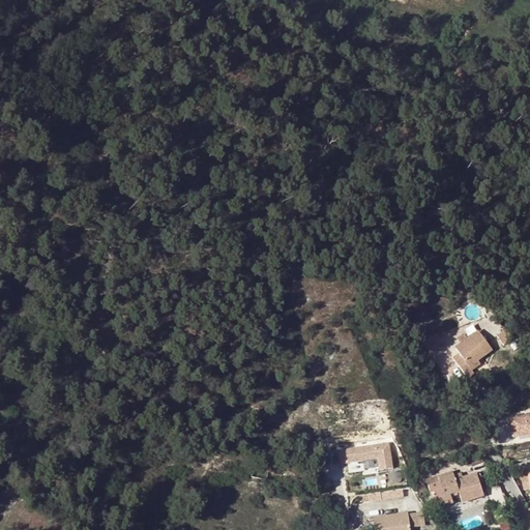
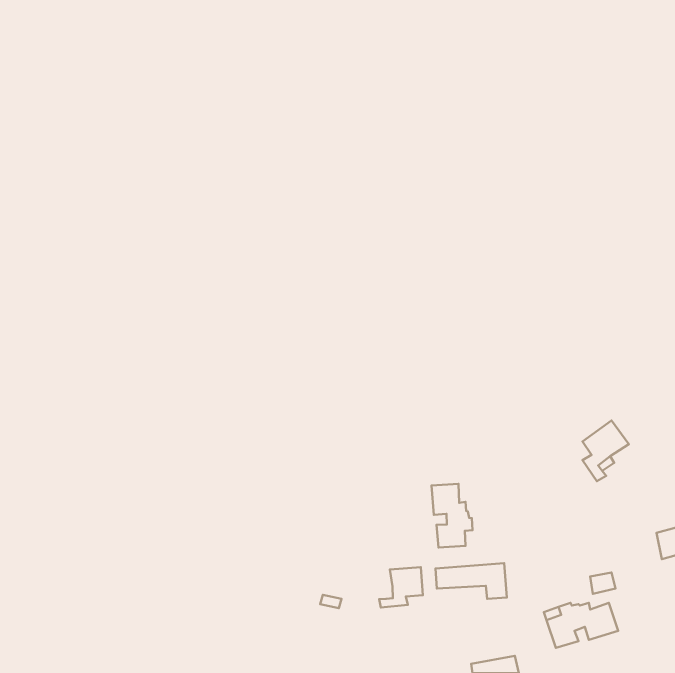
building: none -> [432,484,473,547]
building: none -> [379,567,423,607]

